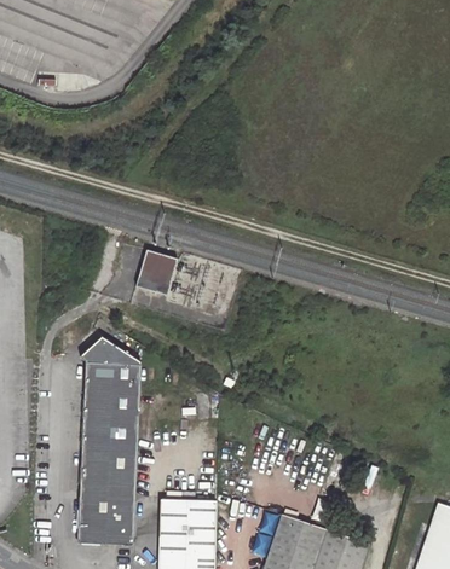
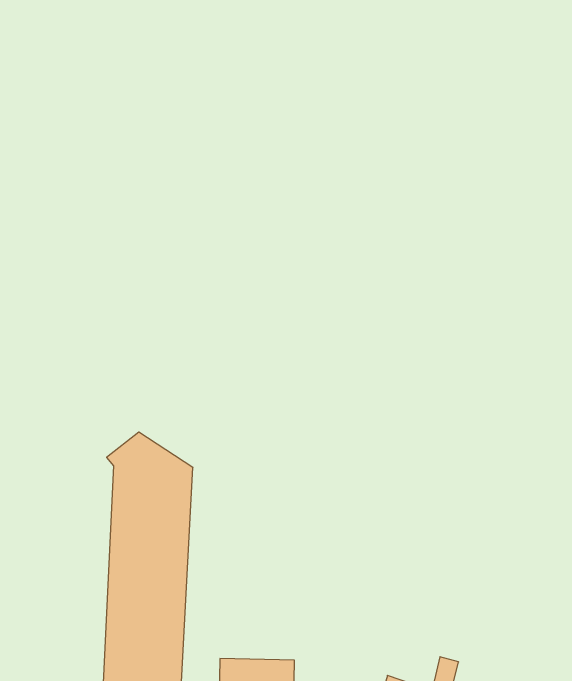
building: [138,251,180,296] -> none

